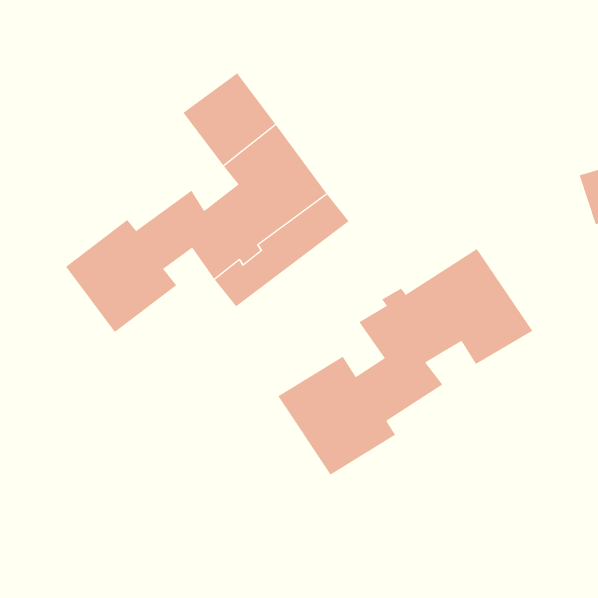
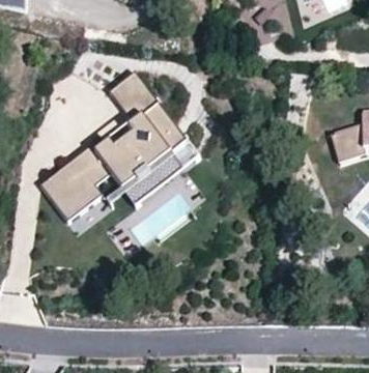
building: [277,248,533,475] -> none

